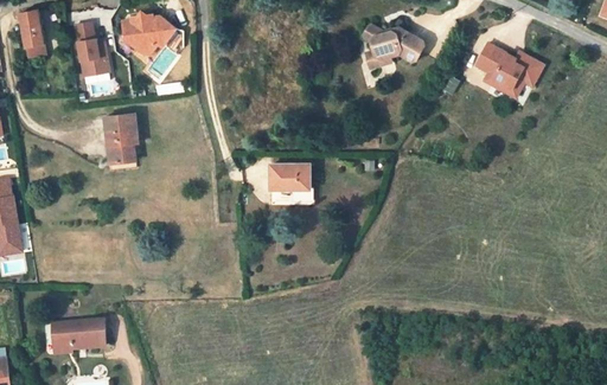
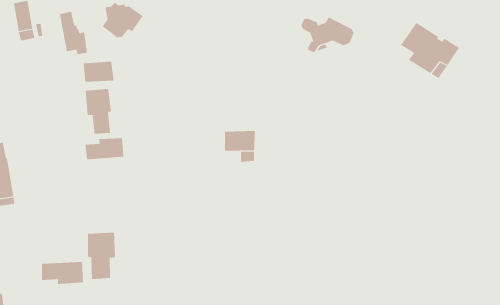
building: none -> [83,61,114,83]
building: none -> [85,137,124,160]
building: none -> [87,232,116,280]

